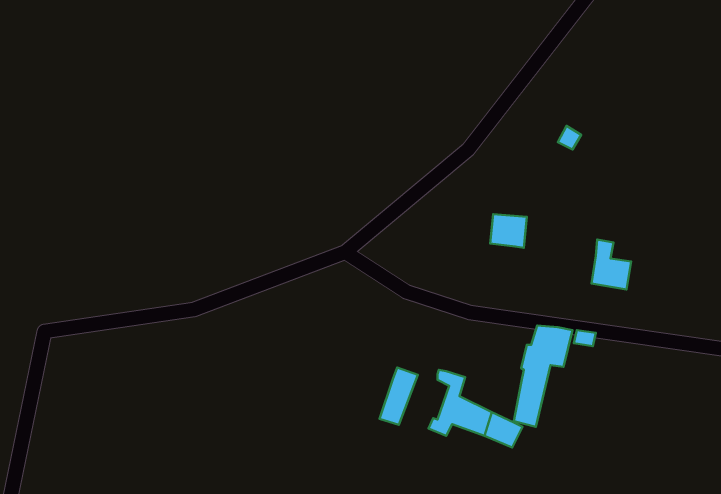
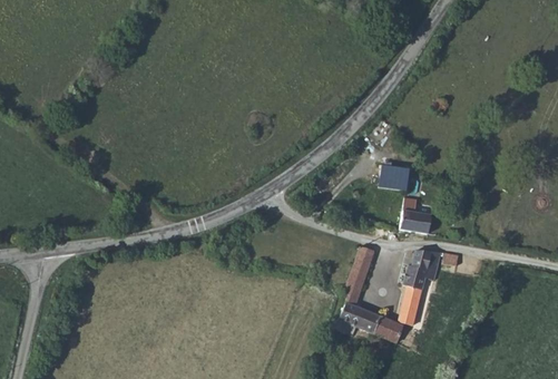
building: [591,240,631,289] -> [400,197,430,235]
building: [380,368,418,425] -> [345,245,374,289]

